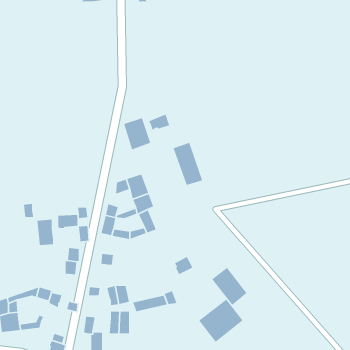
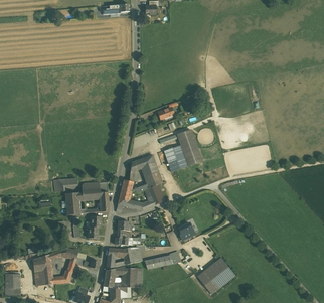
building: [123,117,151,150] -> [164,145,187,172]
building: [211,267,247,306] -> none

